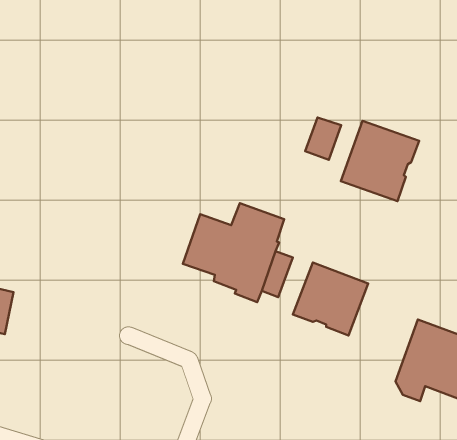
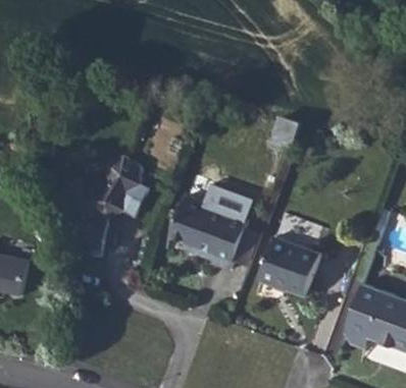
building: [341,121,419,201] -> none
building: none -> [60,156,149,258]

